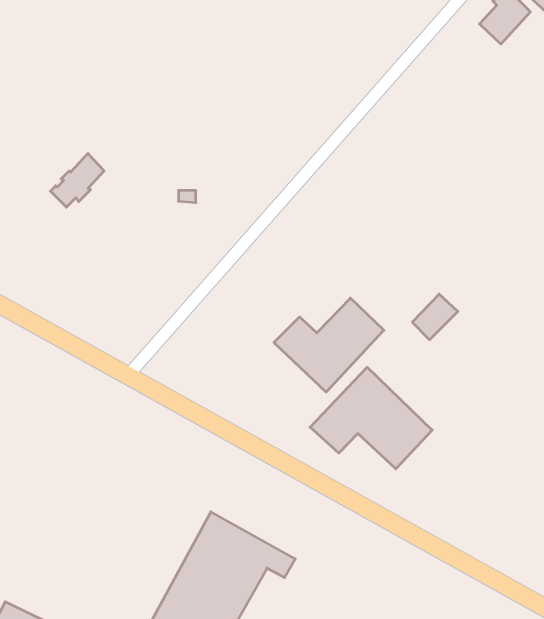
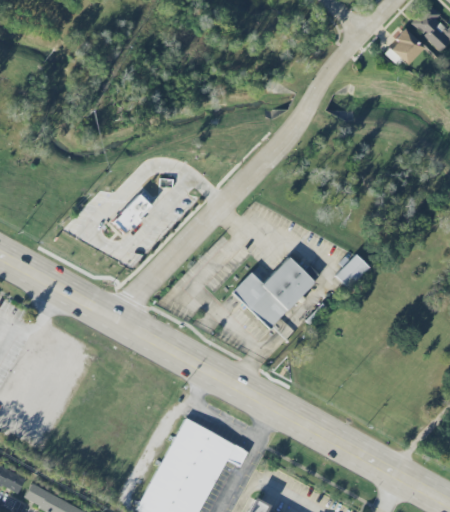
building: [50,153,104,207] -> [112,193,152,233]
building: [310,367,432,469] -> none

